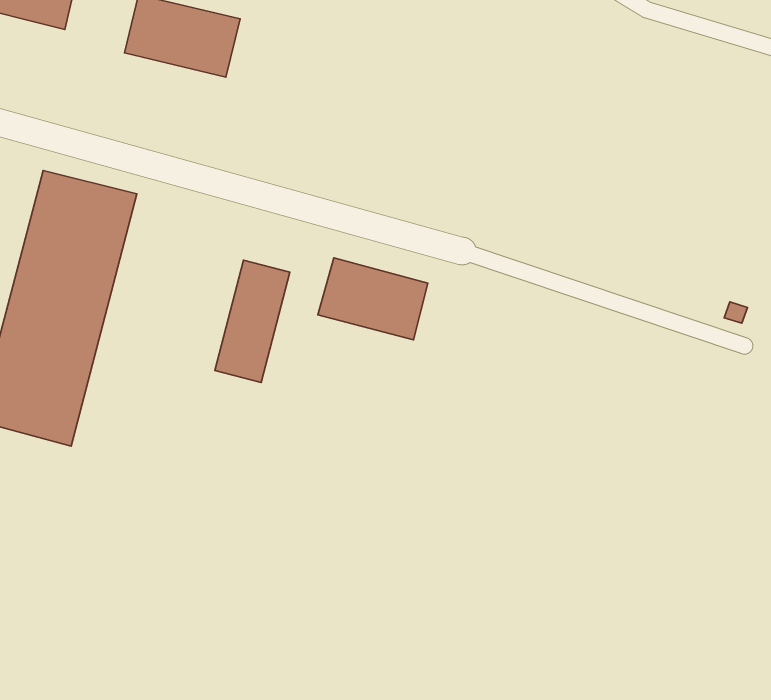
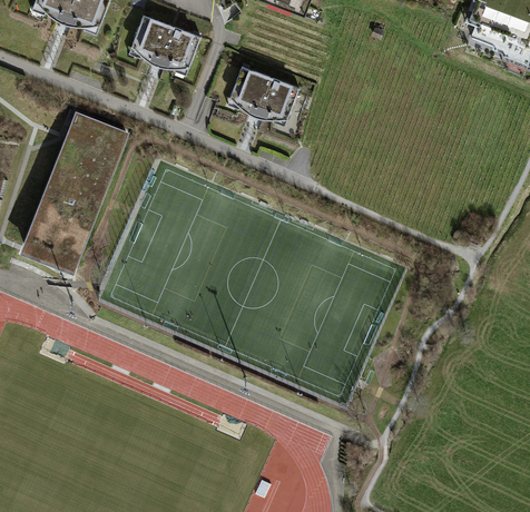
building: [318,258,428,340] -> [227,66,294,119]
building: [215,260,290,382] -> none

